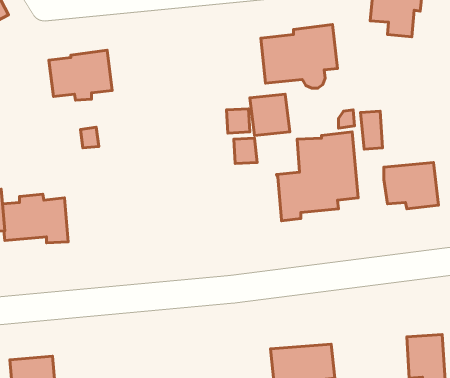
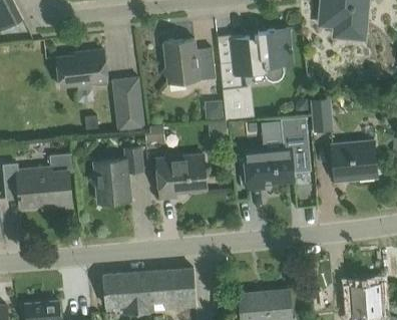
building: none -> [161,39,215,83]
building: none -> [111,77,145,132]
building: none -> [90,147,142,204]
building: none -> [156,154,208,198]
building: none -> [103,269,195,313]

